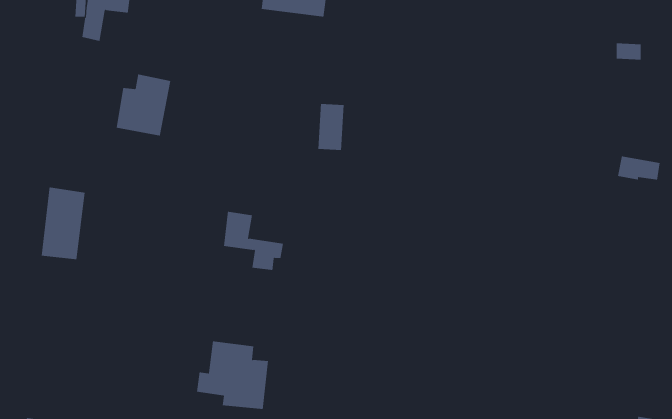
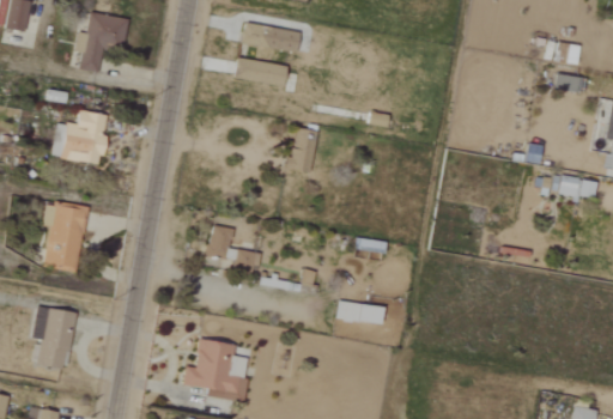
building: none -> [235,57,286,87]
building: [116,74,171,136] -> [59,110,108,165]
building: none -> [335,299,382,324]
building: none -> [37,308,75,369]

